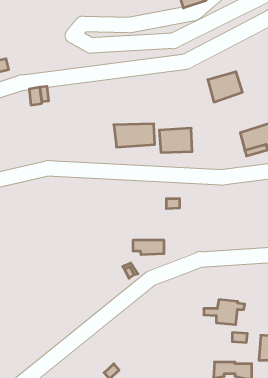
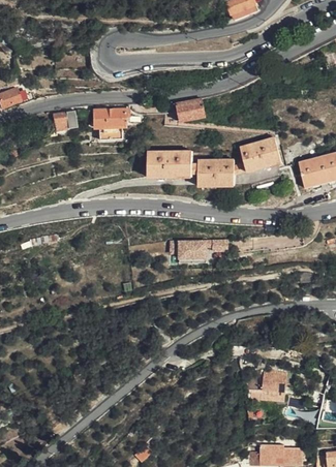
building: [208,72,242,102] -> [245,138,285,174]
building: none -> [172,98,202,122]
building: none -> [93,110,129,138]
building: [133,240,164,255] -> [169,243,205,259]

